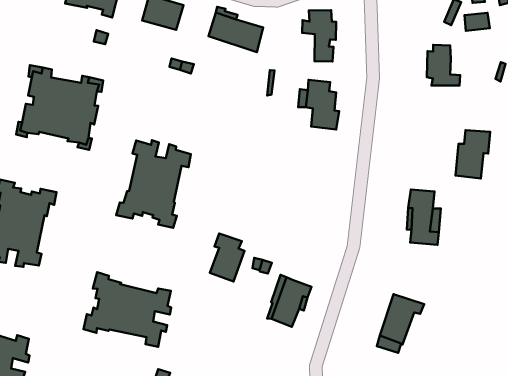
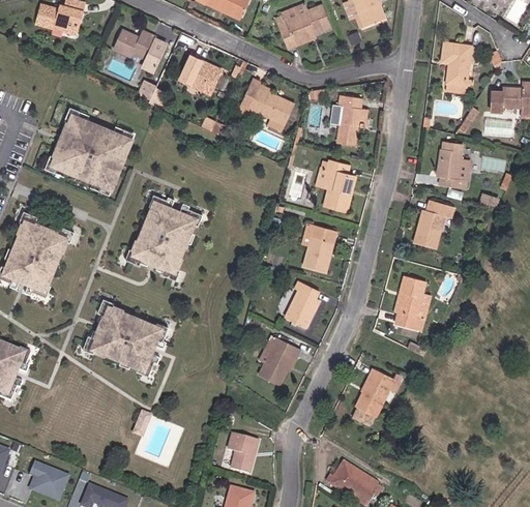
building: [456,130,490,178] -> [413,199,451,245]
building: none -> [302,225,333,271]
building: [210,233,244,282] -> [283,279,318,326]

